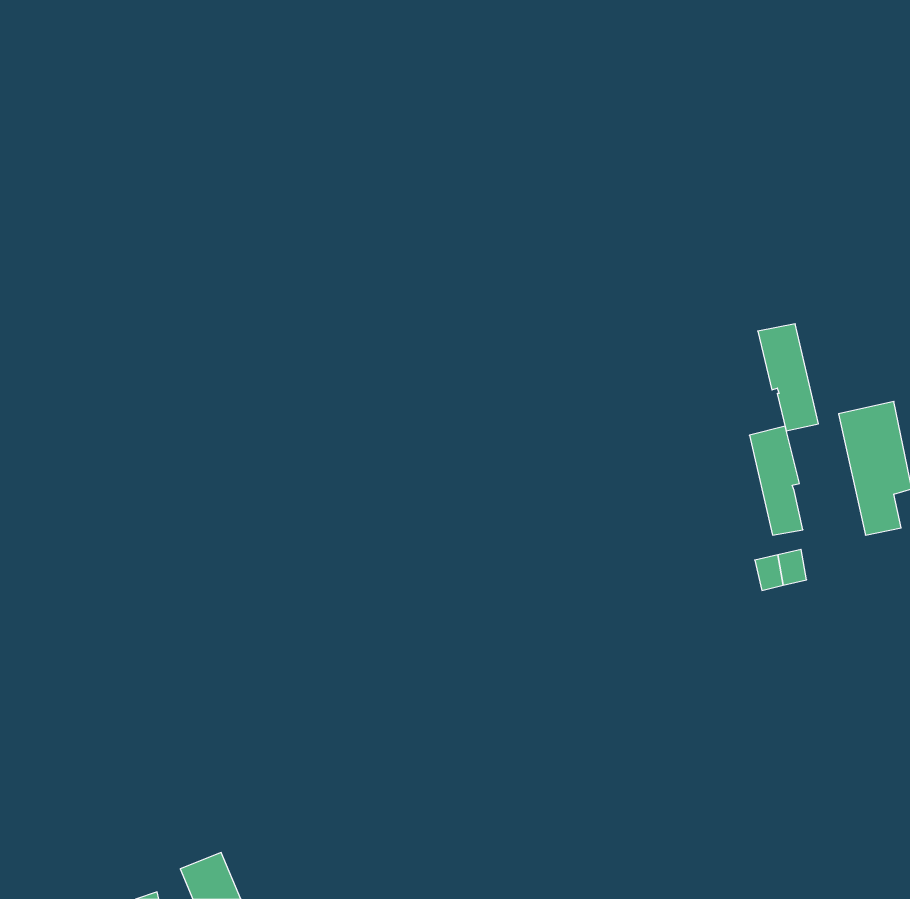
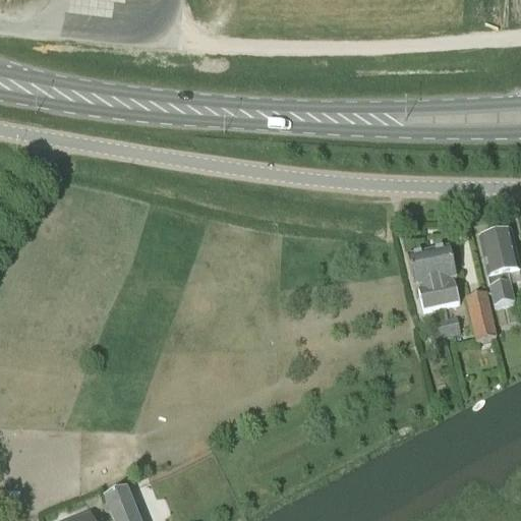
building: [758,324,818,431] -> [407,248,442,309]
building: none -> [466,290,497,340]

